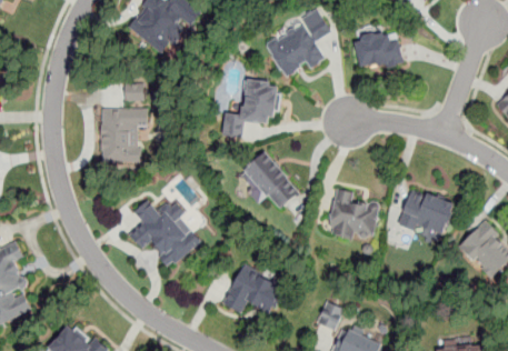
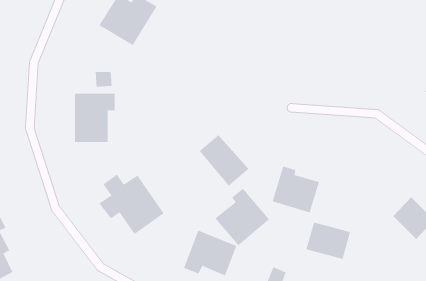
building: [263,10,331,78] -> none
building: [356,33,400,64] -> none
building: [222,78,279,136] -> none
building: [400,190,451,232] -> [306,222,351,259]
building: none -> [214,188,270,246]

